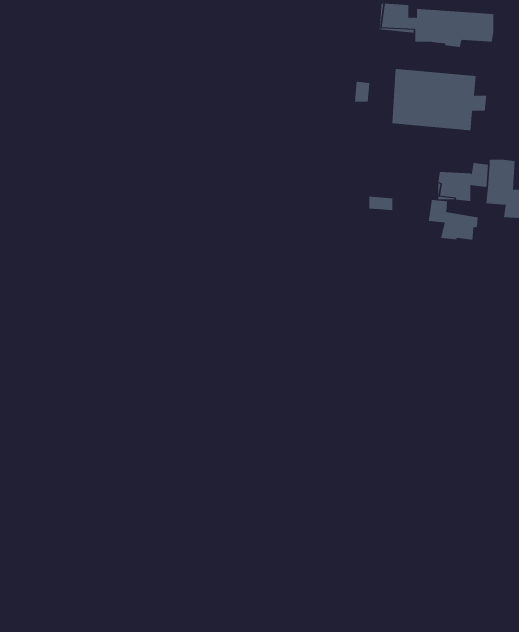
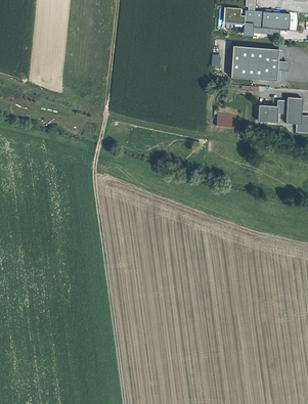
building: [428,199,478,240] -> none

